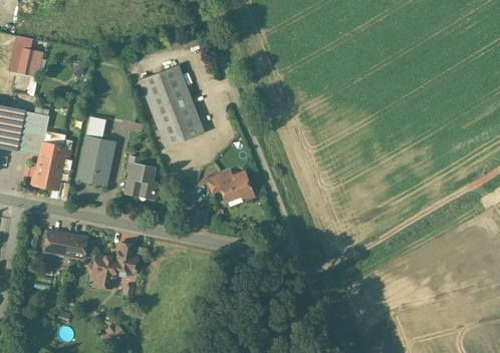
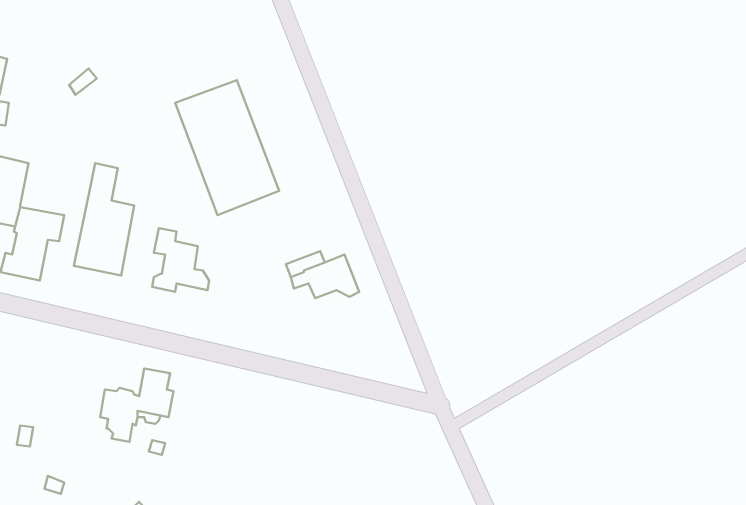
building: [44,230,87,259] -> none

